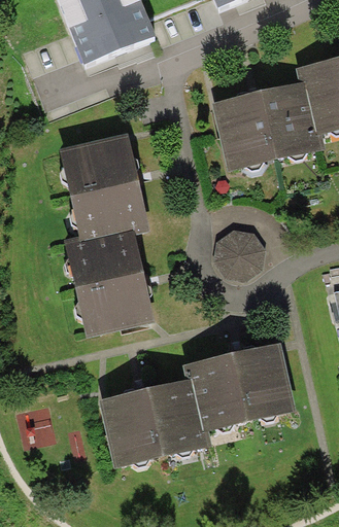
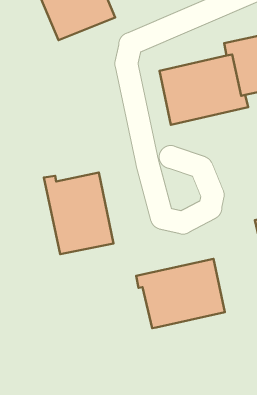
building: [61,134,149,243] -> none
building: [213,230,263,280] -> none
building: [98,378,211,468] -> none

